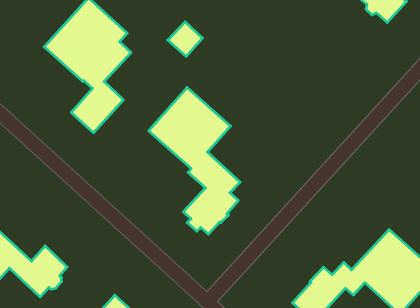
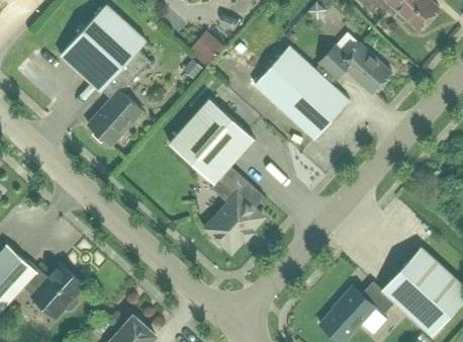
building: none -> [254,44,392,140]

